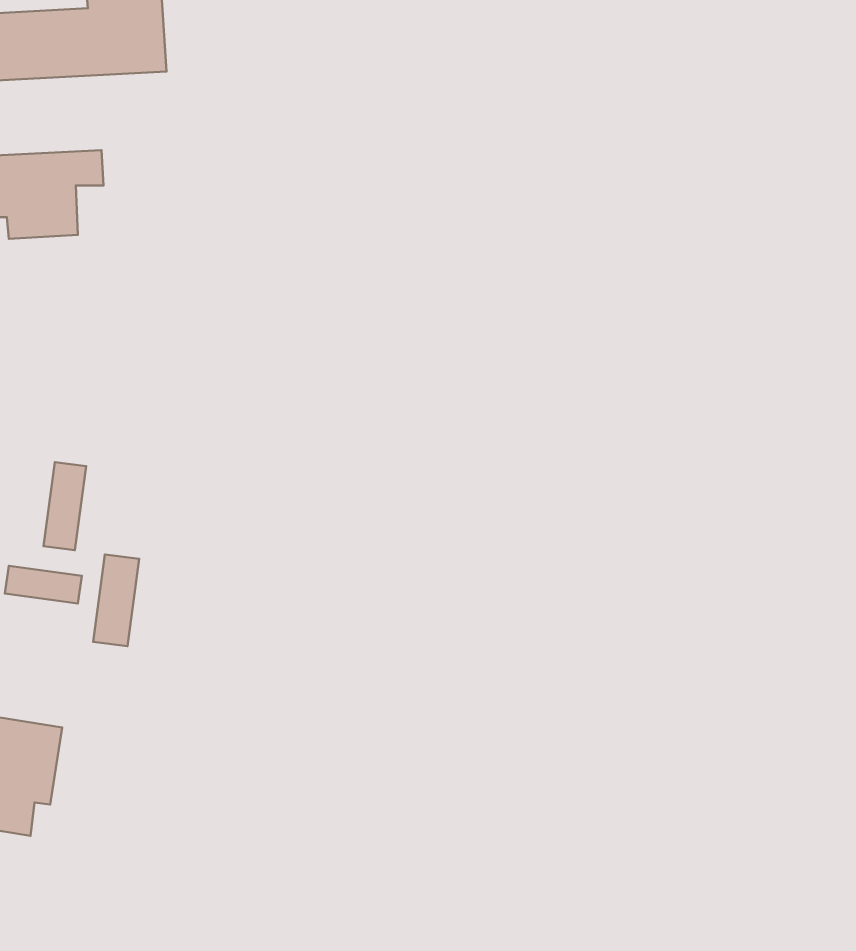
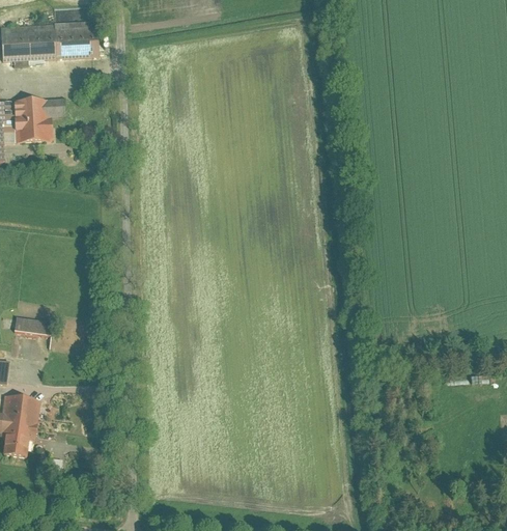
building: [44,462,86,550] -> none
building: [93,555,139,646] -> none

